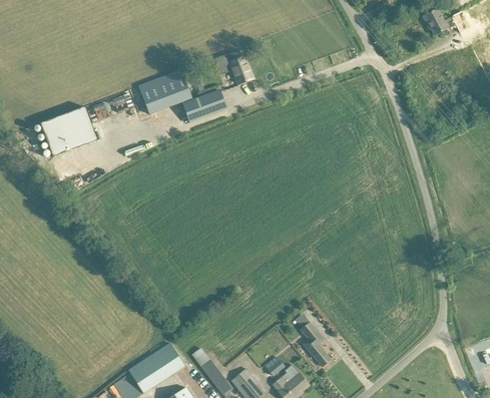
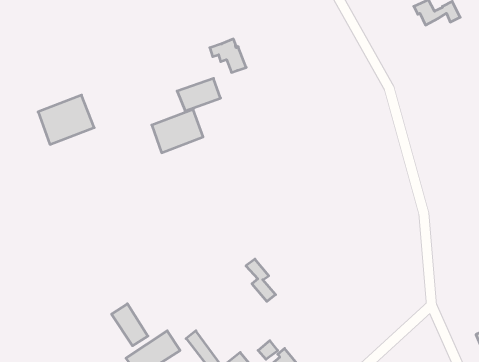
building: [138,70,190,114] -> [152,109,203,153]
building: none -> [112,304,148,346]
building: [300,323,330,366] -> [246,259,276,301]

